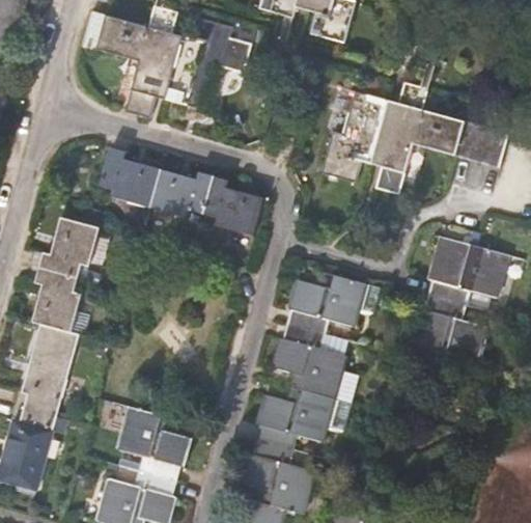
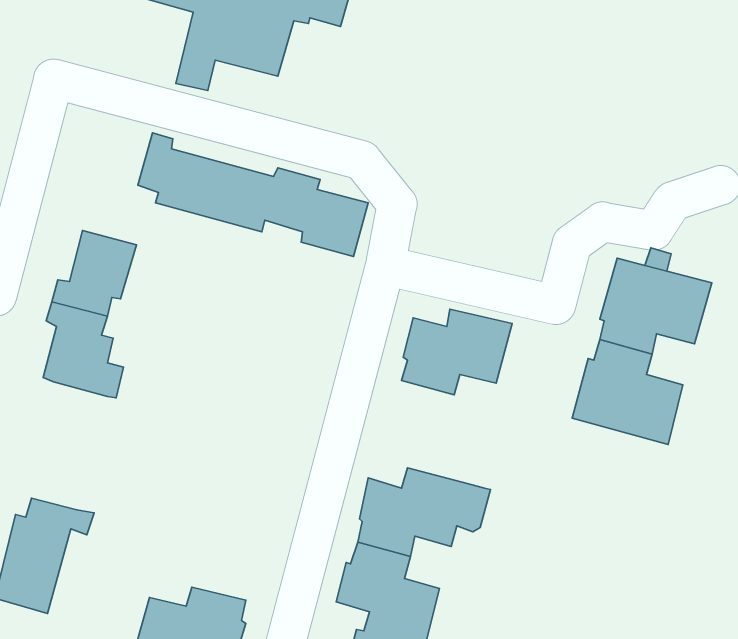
building: [320,82,508,195] -> none
building: [272,324,353,401] -> none
building: [22,325,78,416] -> none
building: [116,406,193,480] -> none

